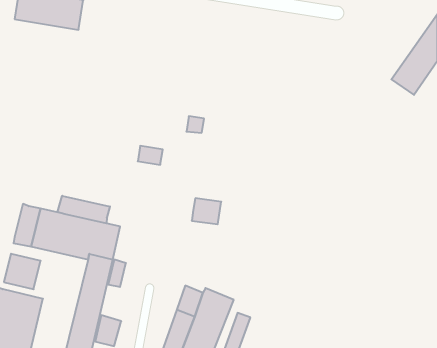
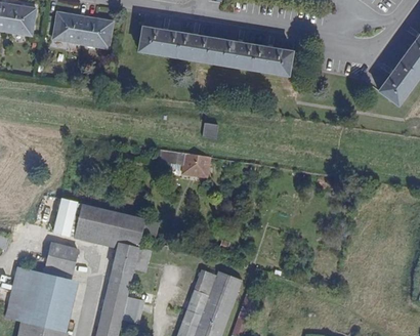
building: none -> [139,27,293,75]
building: [57,196,110,223] -> none
building: [192,198,221,224] -> [182,152,208,174]

